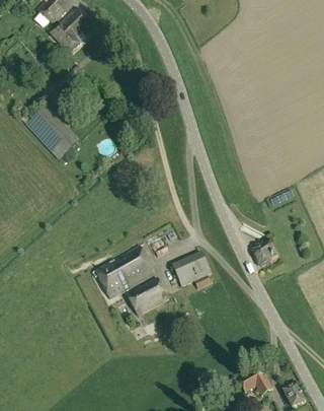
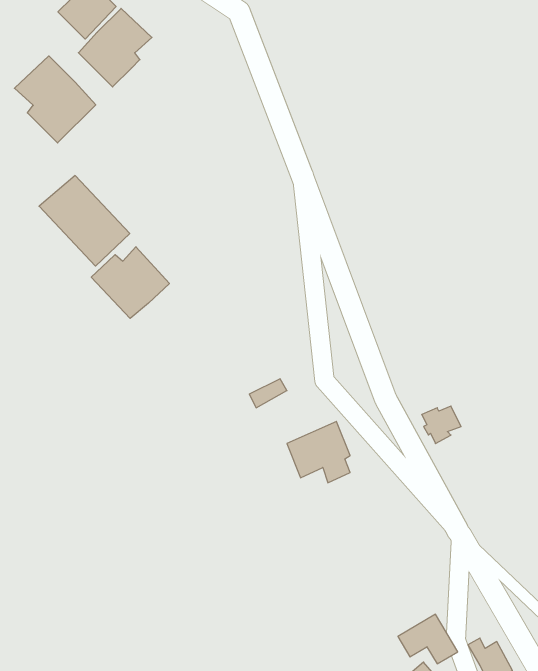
building: none -> [14,56,96,143]
building: none -> [91,247,169,318]
building: [95,247,168,316] -> none

